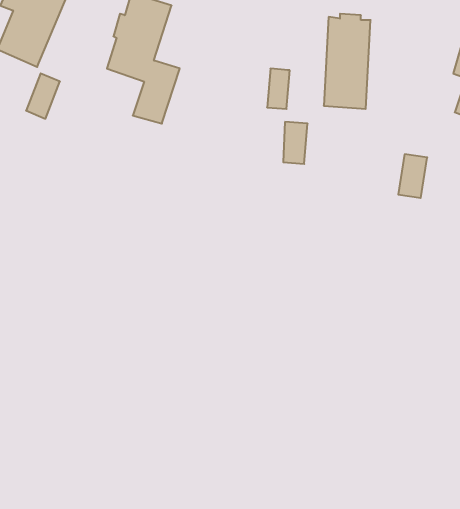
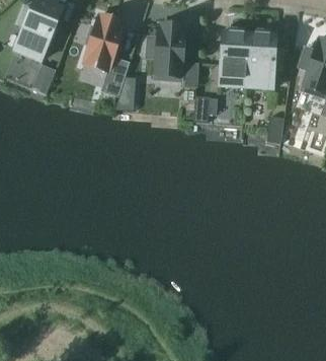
building: none -> [148,22,185,79]
building: none -> [246,28,276,87]
building: none -> [115,75,137,110]

